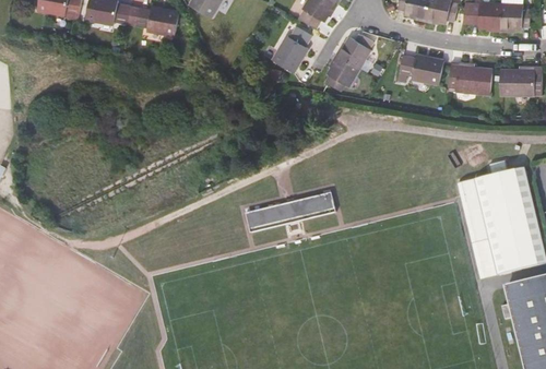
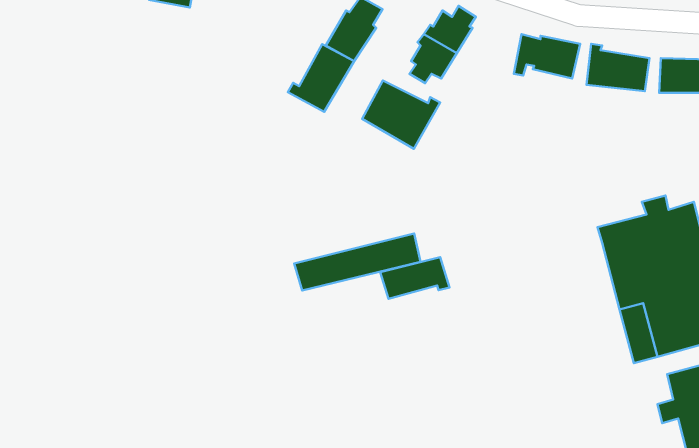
building: none -> [288,44,354,112]
building: none -> [362,81,440,149]
building: none -> [380,257,449,299]

